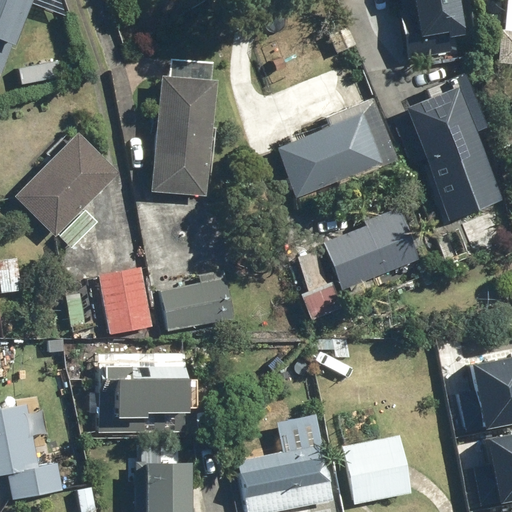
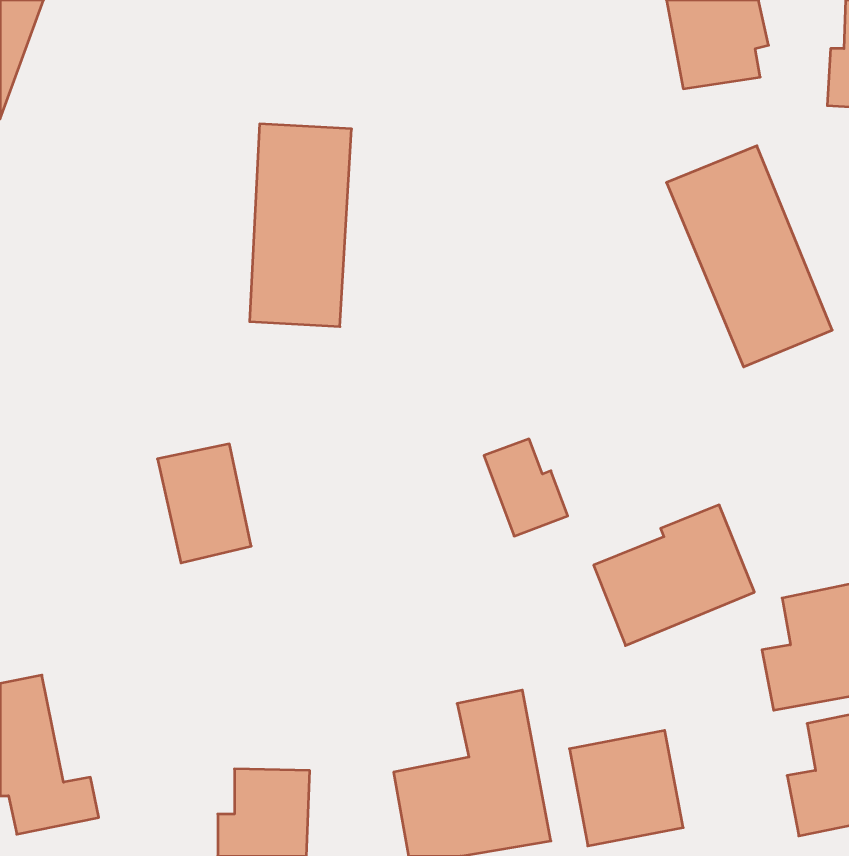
building: [274,97,396,200] -> none
building: [15,130,121,251] -> none
building: [322,207,418,291] -> [594,505,754,646]
building: [161,267,237,333] -> none
building: [100,352,186,417] -> none

